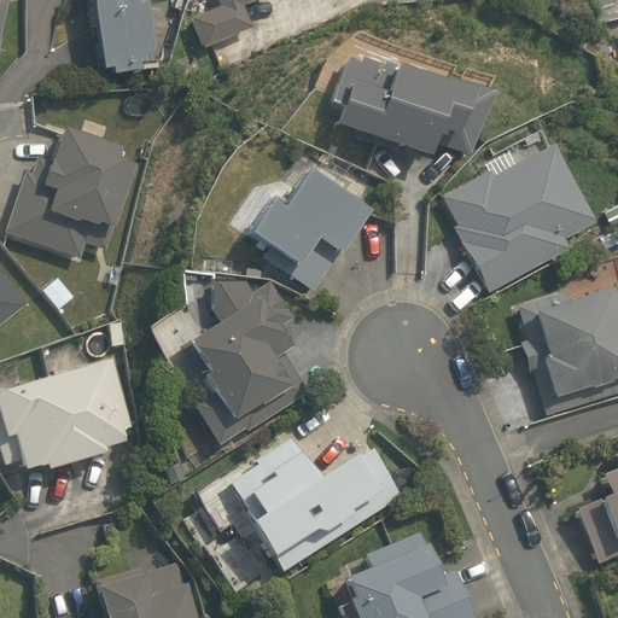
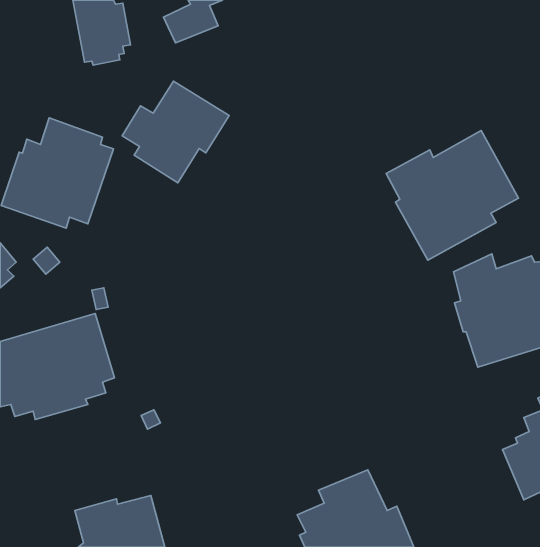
building: [338,58,501,156] -> none
building: [249,173,369,287] -> [122,81,229,183]
building: [181,281,309,447] -> none
building: [232,437,401,572] -> none

